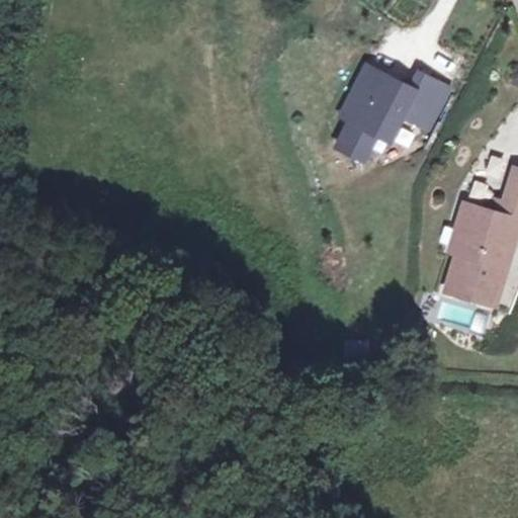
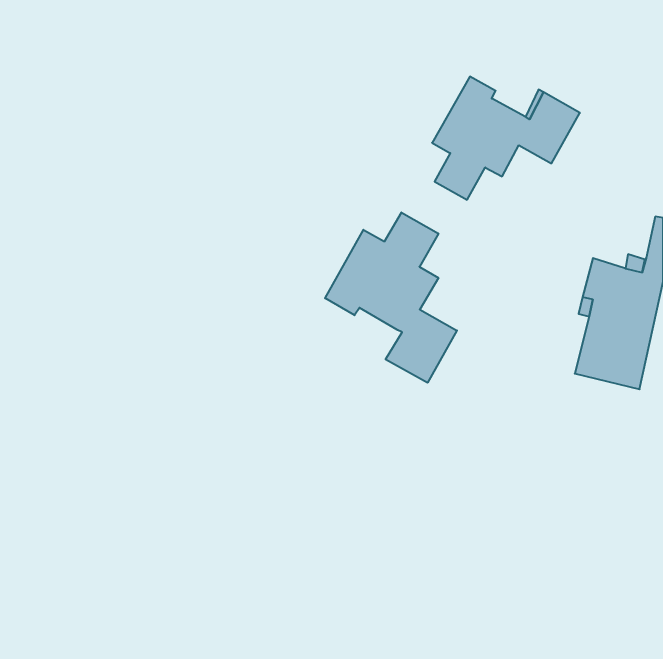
building: none -> [325,212,457,383]

